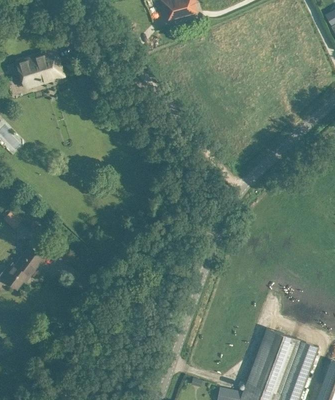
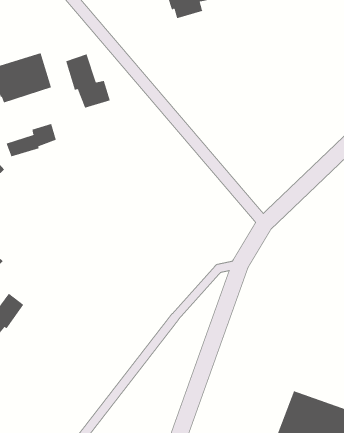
building: none -> [66,53,111,108]
building: none -> [6,123,56,157]

